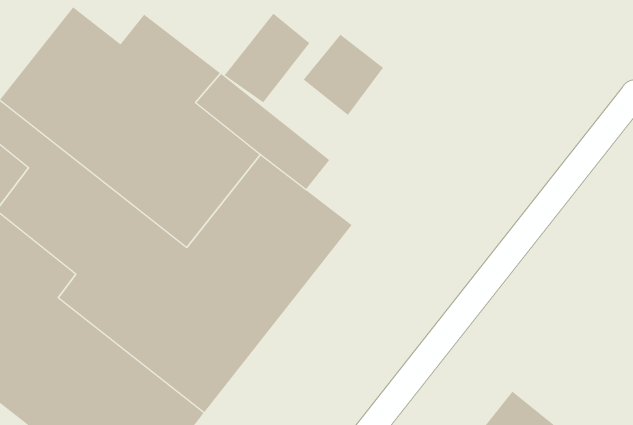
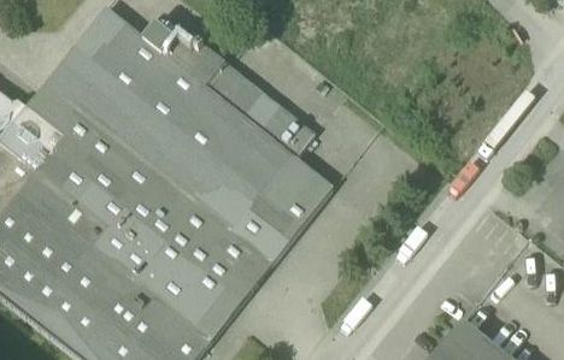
building: [224,13,310,103] -> none
building: [303,34,384,116] -> none

